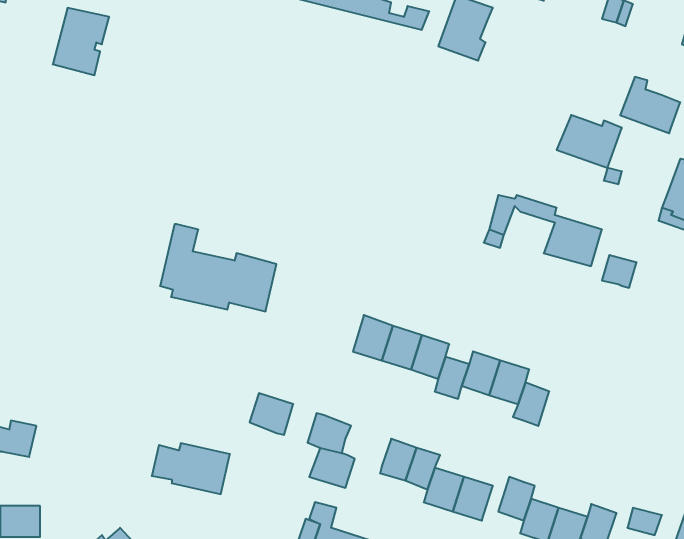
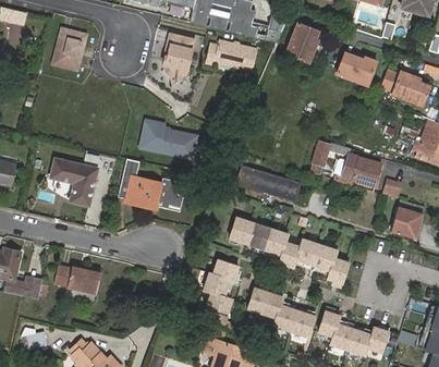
building: none -> [163,35,193,84]
building: none -> [205,39,256,70]
building: [557,115,622,168] -> [334,53,374,85]
building: none -> [139,123,196,161]
building: none -> [49,159,97,206]
building: none -> [240,167,303,201]
building: none -> [390,207,423,240]
building: [250,393,293,435] -> [215,257,241,282]
building: [152,443,230,494] -> [52,262,99,293]

